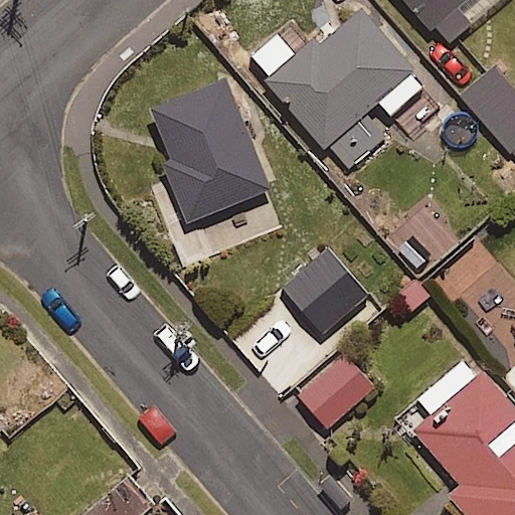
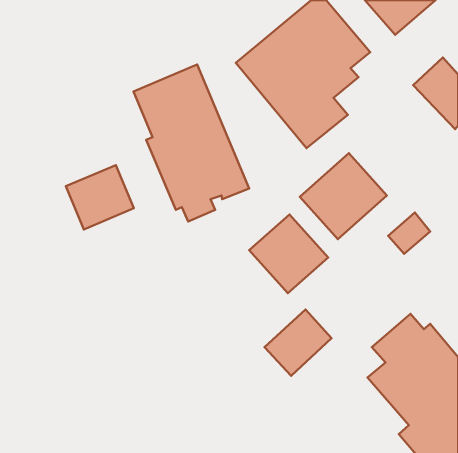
building: none -> [300,153,387,239]
building: none -> [66,165,134,229]

